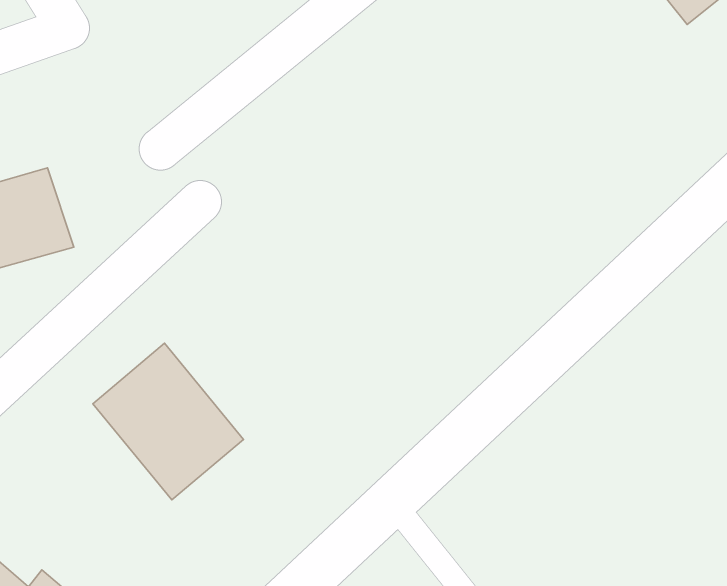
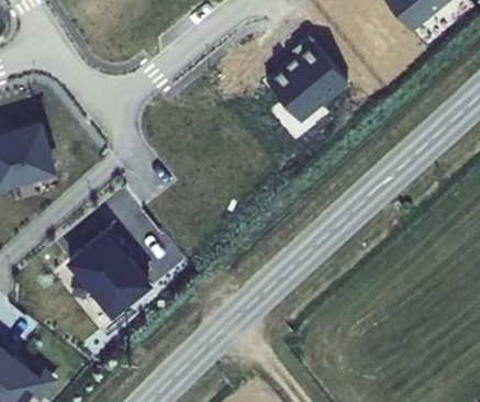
building: none -> [261,45,344,132]

